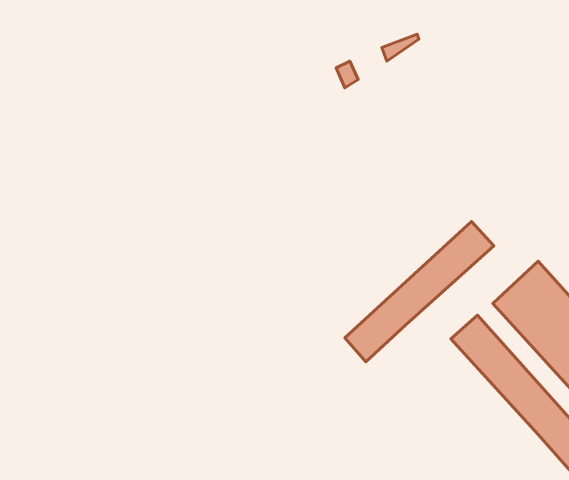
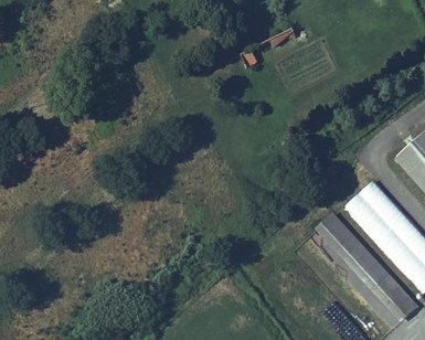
building: [345,222,494,362] -> none

